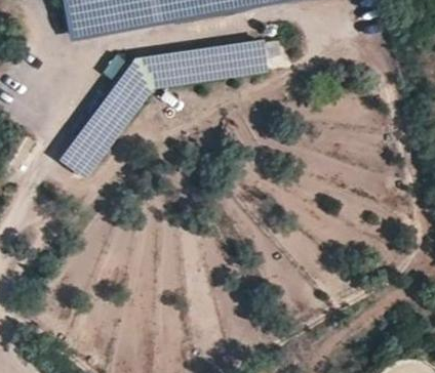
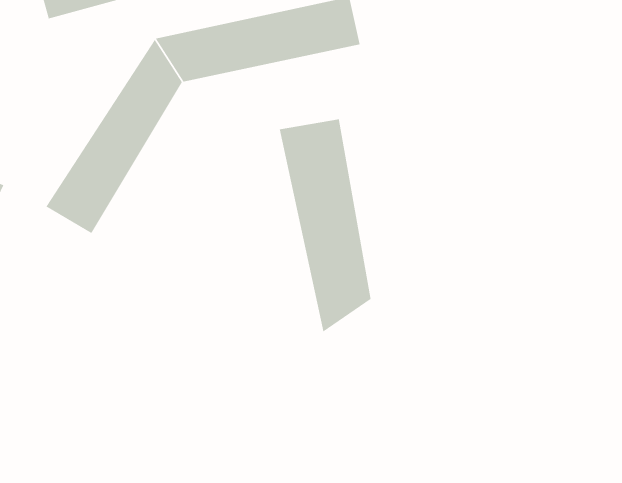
building: none -> [279,118,371,332]

